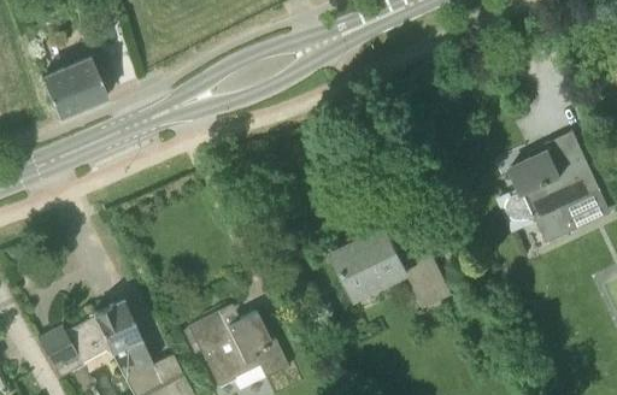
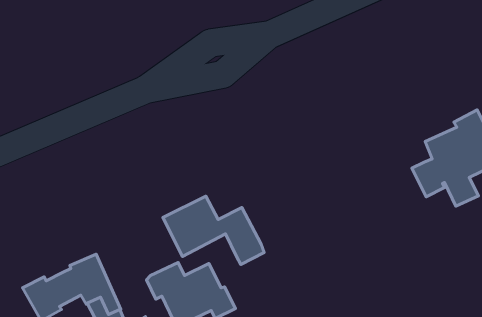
building: [34,55,107,118] -> none
building: [334,228,453,308] -> [163,196,264,265]

